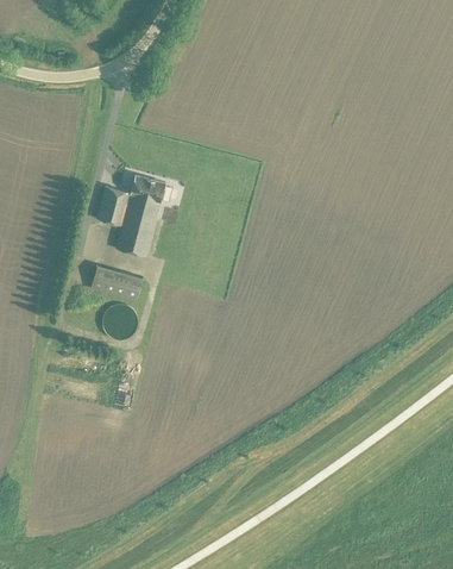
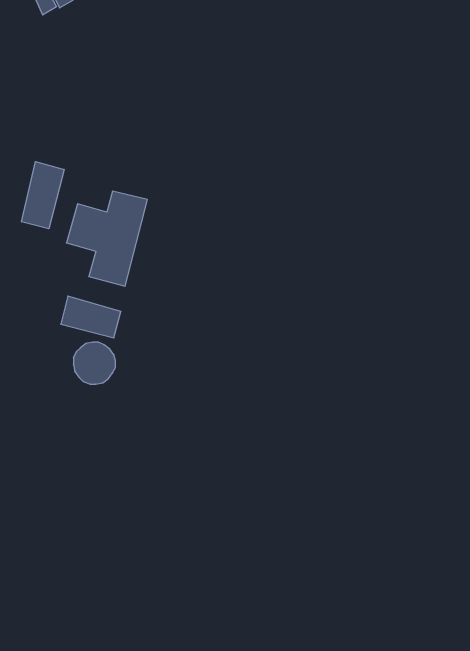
building: none -> [21,162,64,229]

